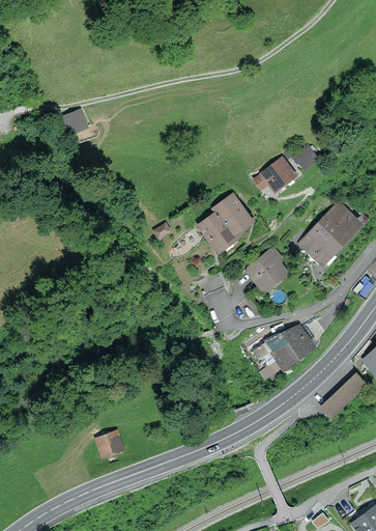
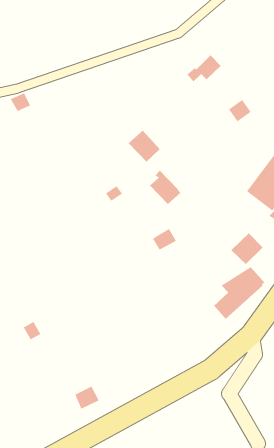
building: [254,161,292,189] -> [186,54,222,83]
building: [214,197,249,232] -> [128,130,161,162]
building: [249,253,284,287] -> [231,233,263,265]

